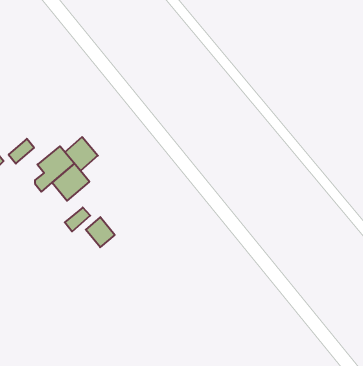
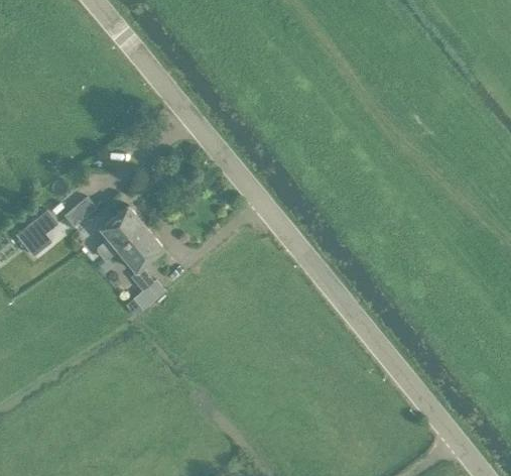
building: [65,137,98,171] -> none
building: [86,217,115,247] -> none

